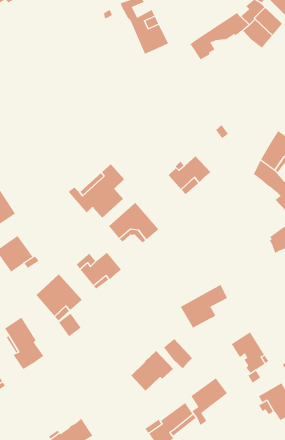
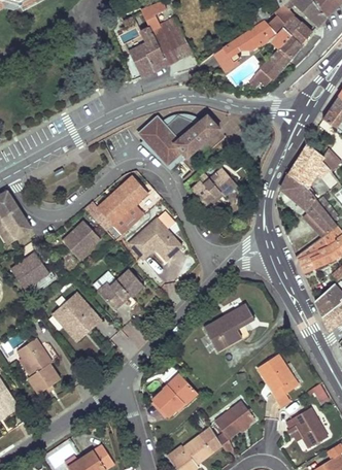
building: none -> [130,27,167,75]
building: none -> [250,47,290,89]
building: none -> [141,113,219,167]
building: none -> [62,221,101,261]
building: [163,338,193,369] -> none

